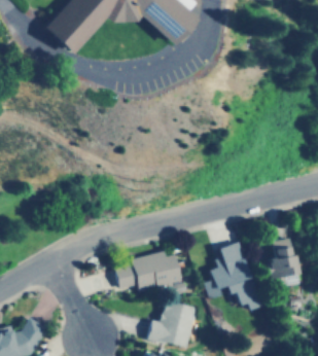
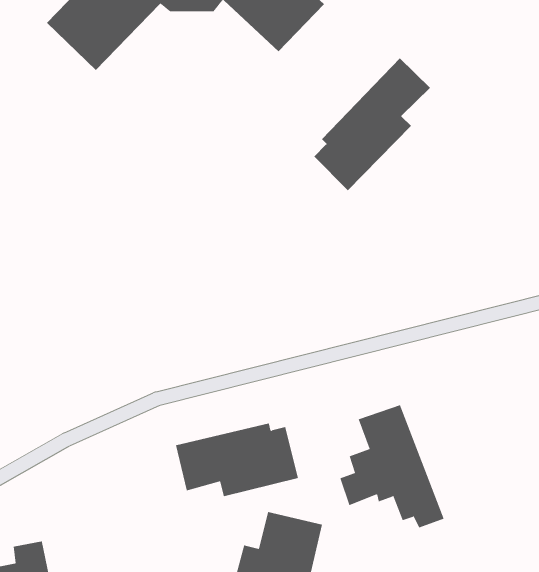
building: none -> [313,58,431,191]
building: [269,238,297,288] -> none

